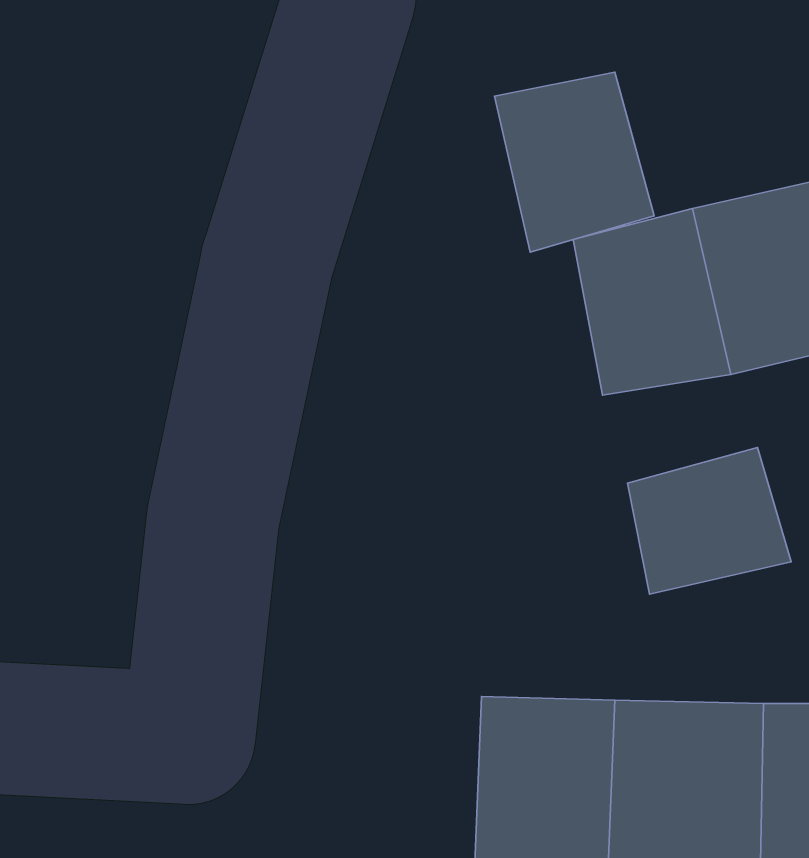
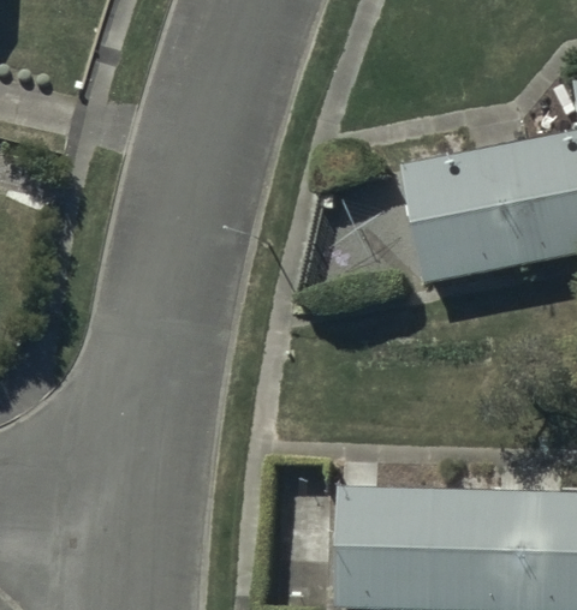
building: [495,72,654,252] -> none
building: [627,448,791,594] -> none

